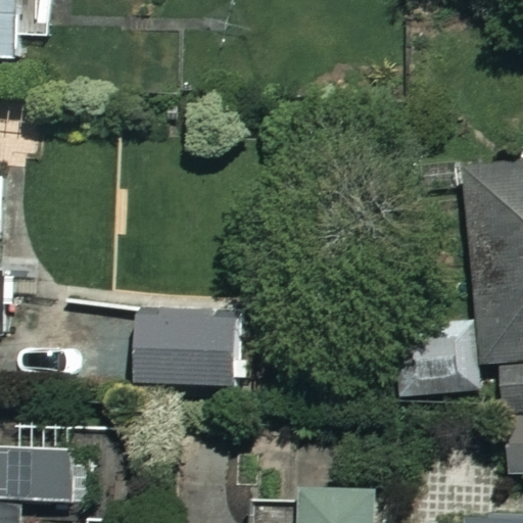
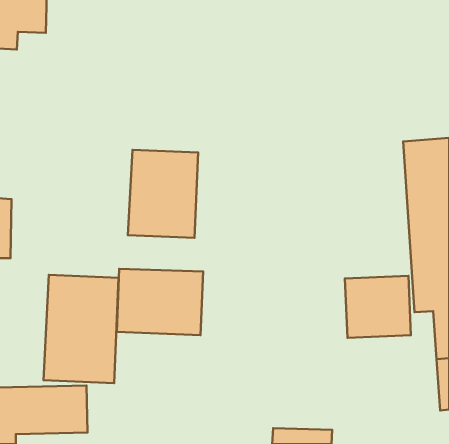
building: none -> [128,150,198,238]
building: none -> [43,275,119,383]

